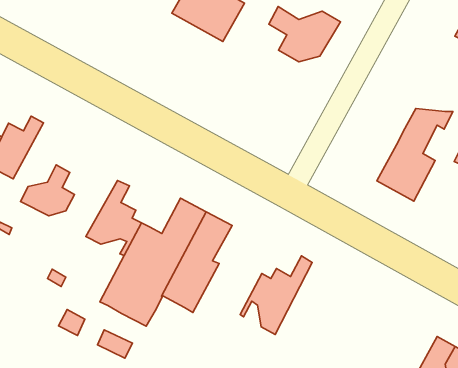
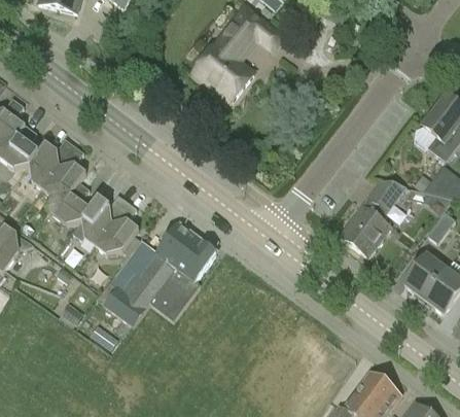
building: [269,7,340,62] -> none
building: none -> [41,145,85,196]
building: none -> [80,195,127,244]
building: [240,256,312,335] -> none

